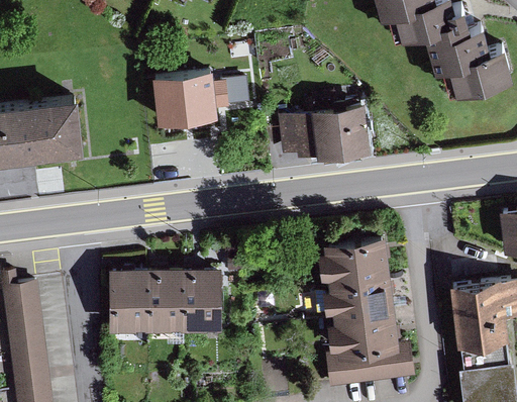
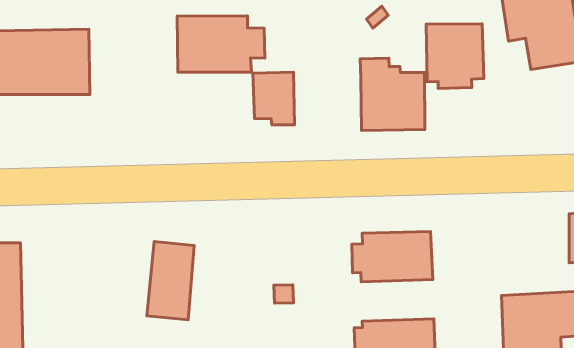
building: none -> [426,24,484,88]
building: [278,115,317,162] -> [253,72,294,125]
building: [109,271,150,334] -> none
building: [185,271,221,334] -> none
building: [314,280,394,321] -> none

